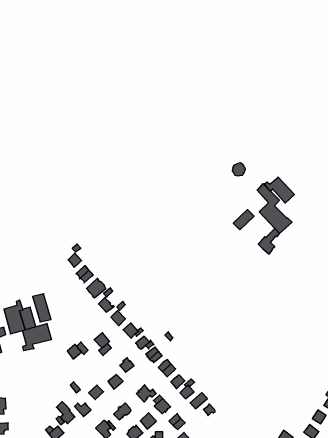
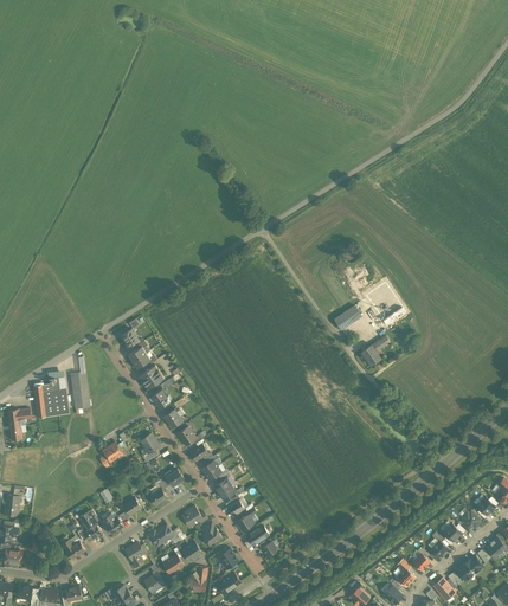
building: [264,177,294,203] -> none
building: [23,323,51,351] -> none

